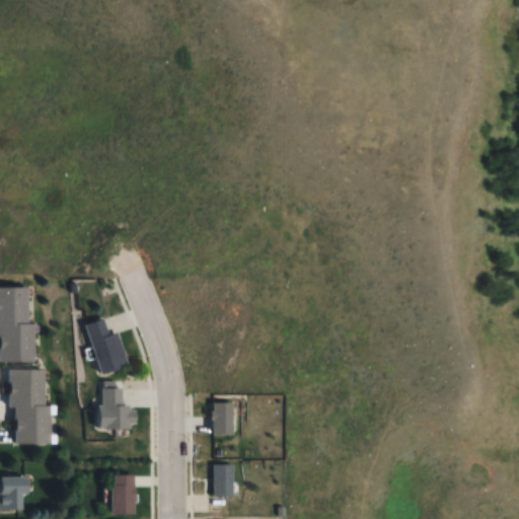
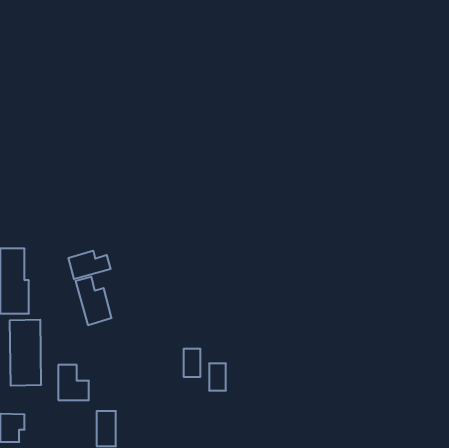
building: none -> [68,251,111,279]
building: [101,388,137,429] -> [58,365,89,400]
building: [213,465,232,497] -> [209,363,226,391]

